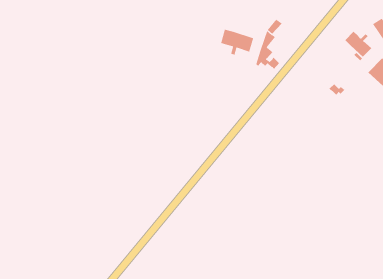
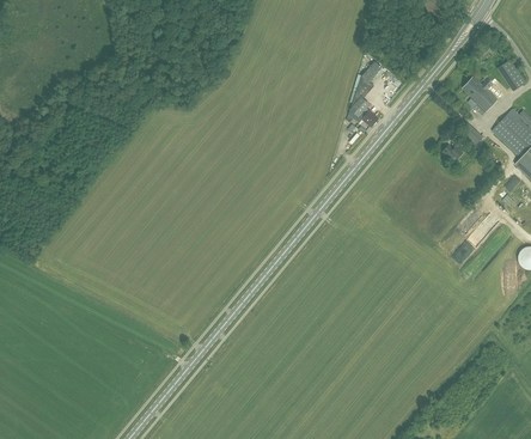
building: [220,29,254,56] -> none

